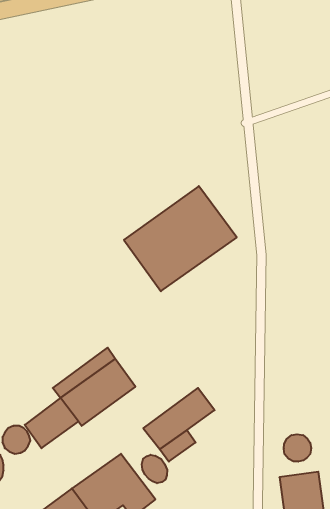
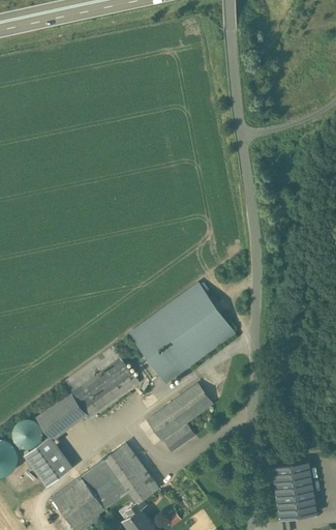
building: [124,186,237,291] -> [129,285,234,382]
building: [284,434,311,462] -> none
building: none -> [24,437,71,487]
building: [142,455,167,483] -> none

